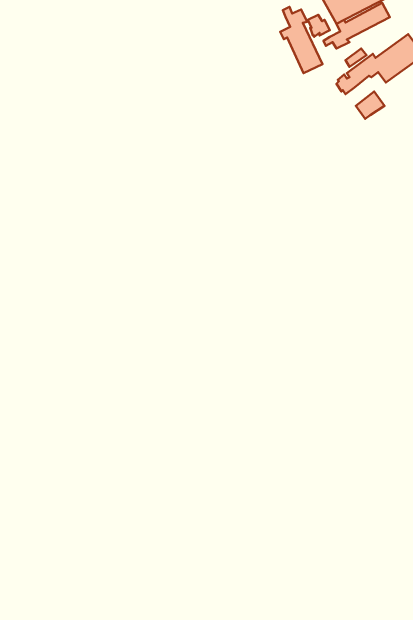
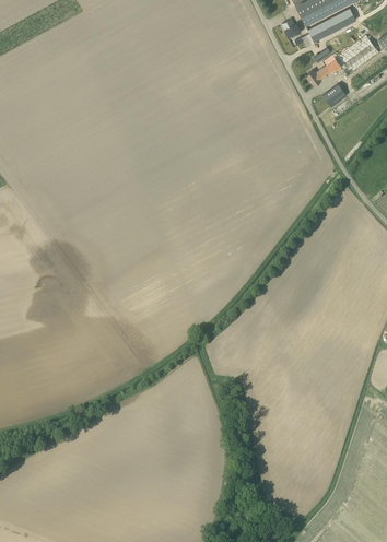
building: [280,7,322,73] -> none

